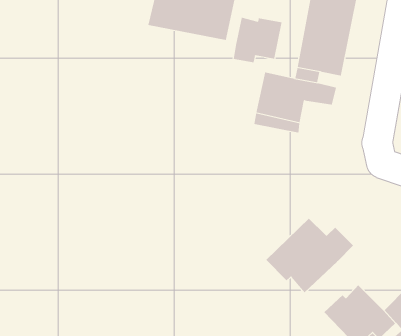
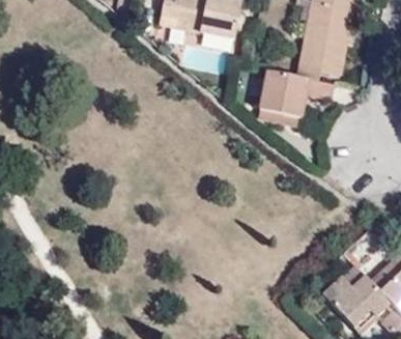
building: [233,17,282,63] -> none
building: [265,218,354,293] -> none

